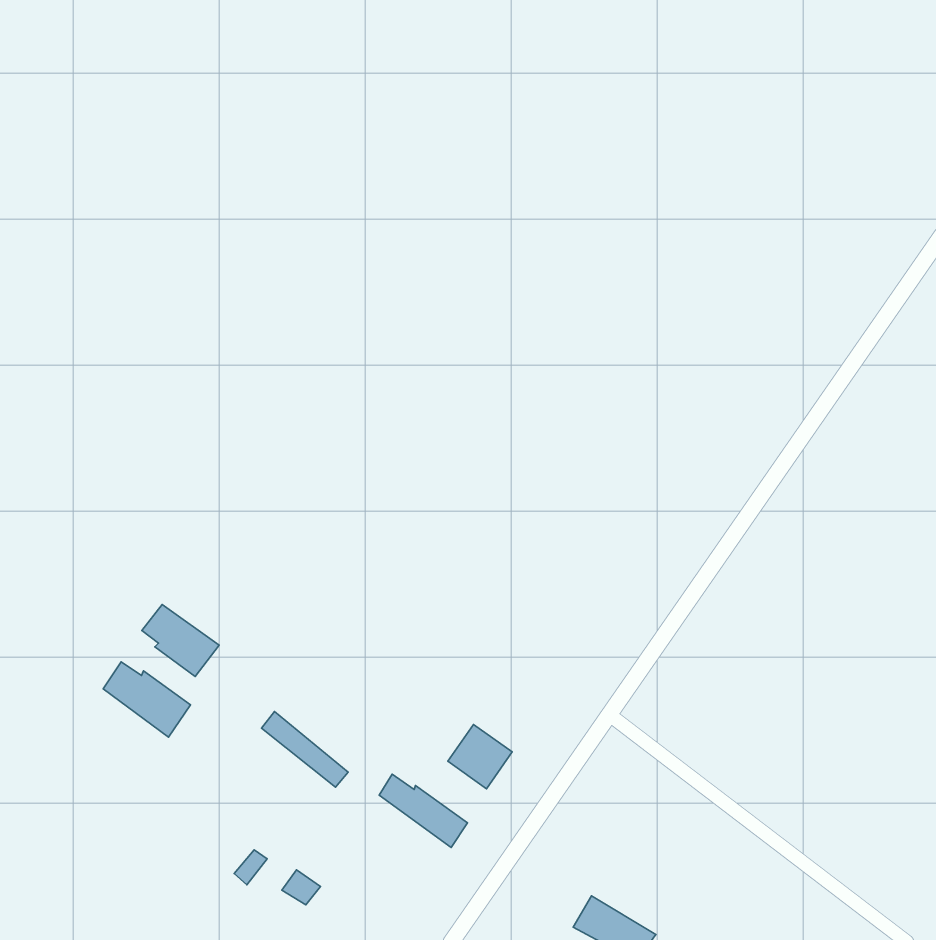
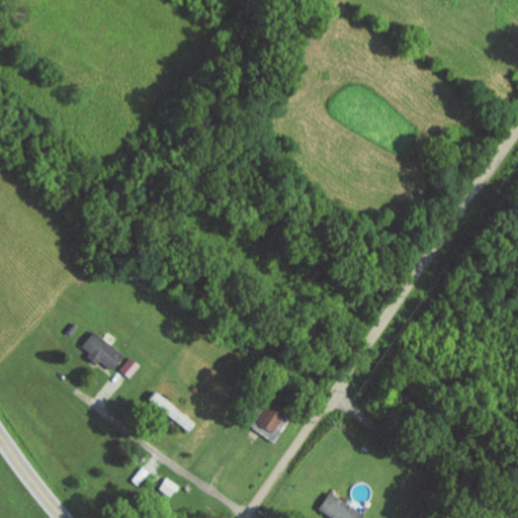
building: [103,662,191,737] -> none
building: [379,774,467,848] -> none

